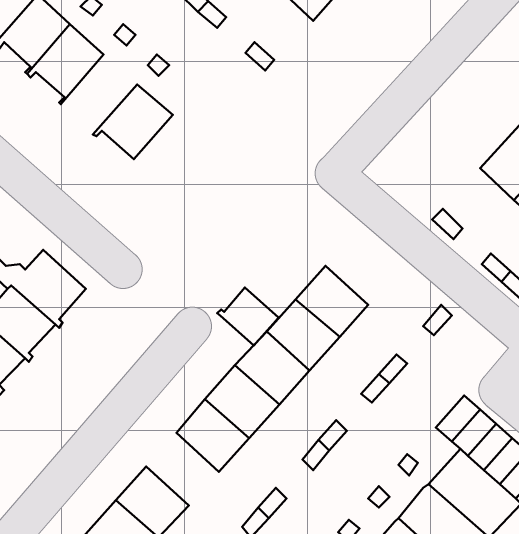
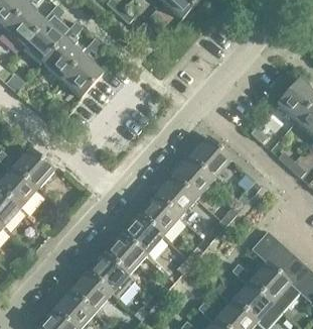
building: none -> [40,37,84,83]
building: none -> [190,137,232,180]
building: [217,287,278,345] -> none
building: none -> [89,252,135,299]

